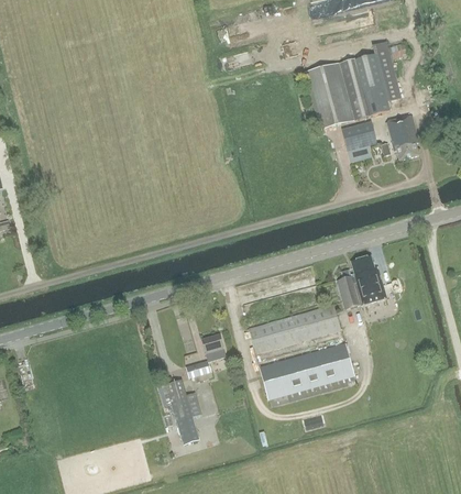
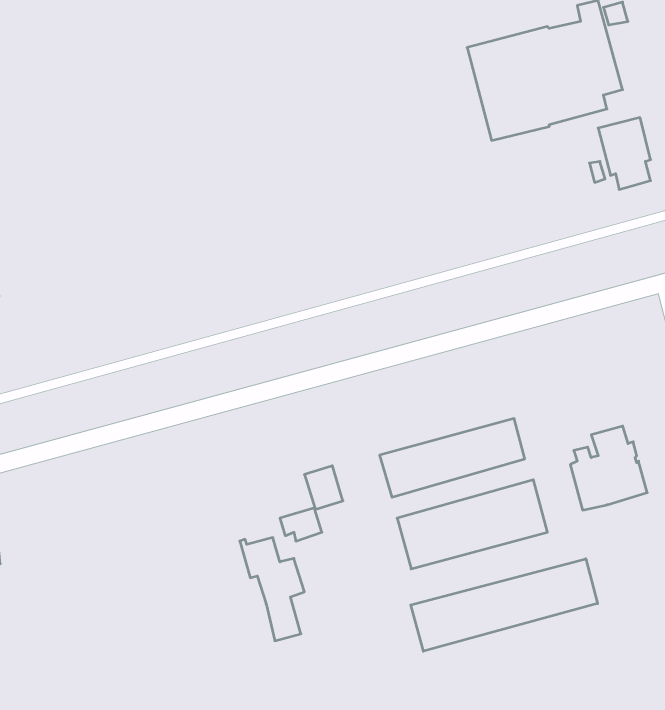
building: [341,121,376,150] -> none
building: [338,255,386,308] -> [570,426,647,510]
building: none -> [411,559,598,651]

